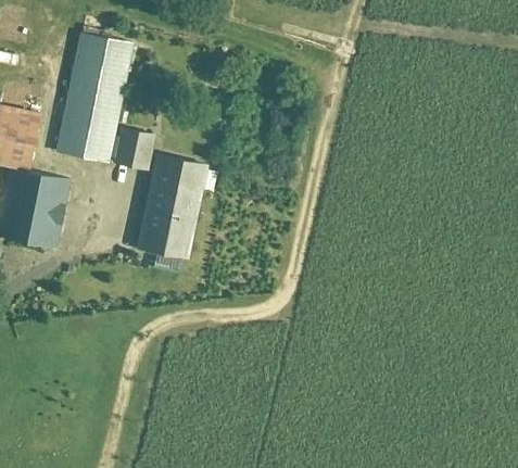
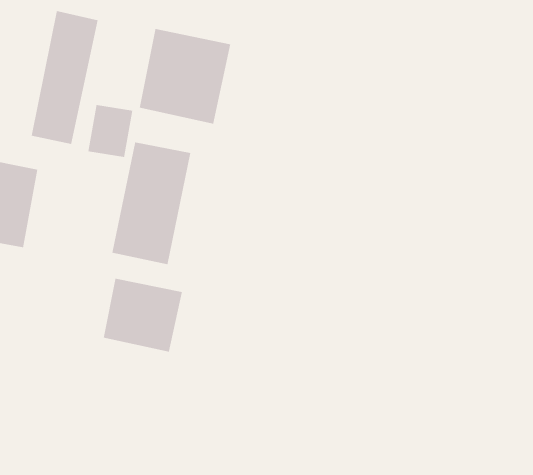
building: none -> [139,28,231,124]
building: none -> [103,278,183,353]

